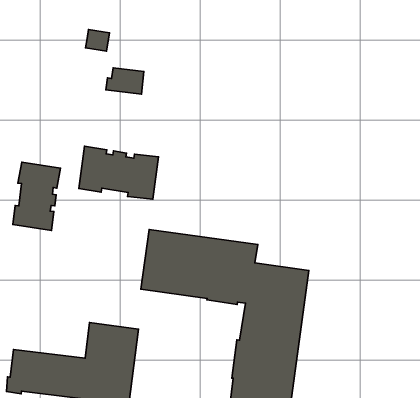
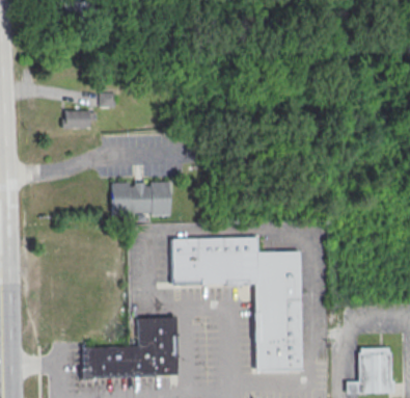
building: [106,68,144,94] -> [62,109,90,128]
building: [13,162,61,231] -> none

